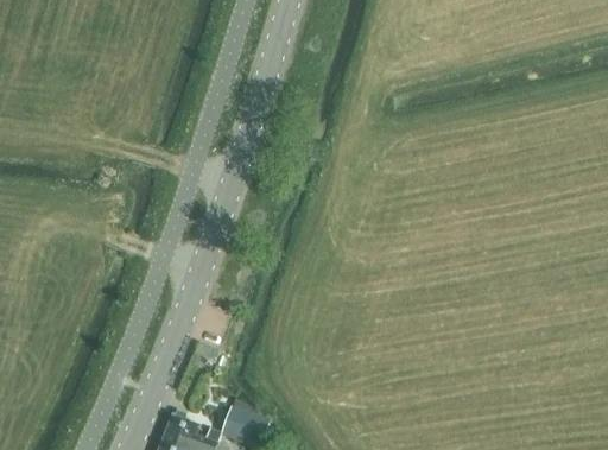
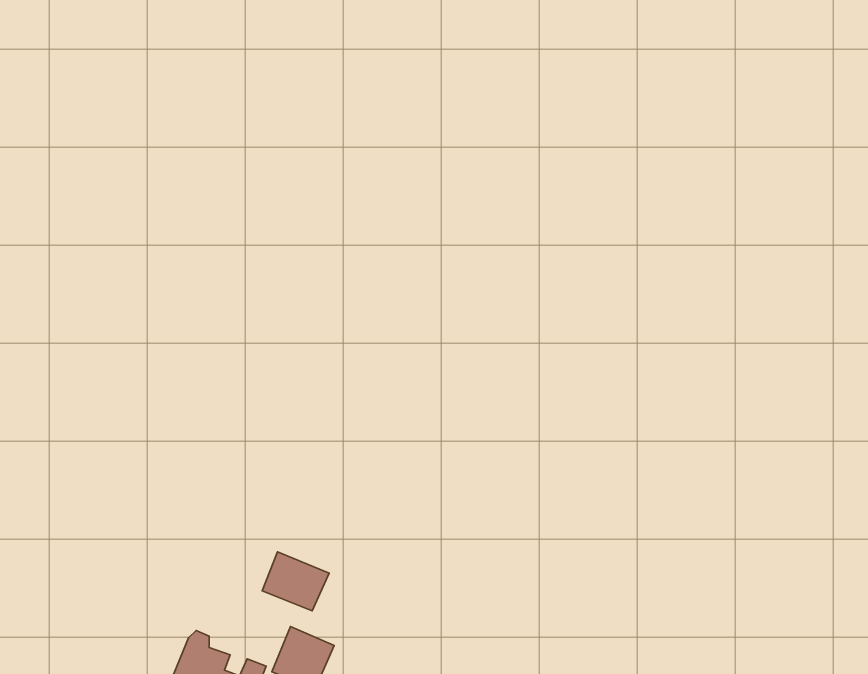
building: none -> [262,552,329,611]

